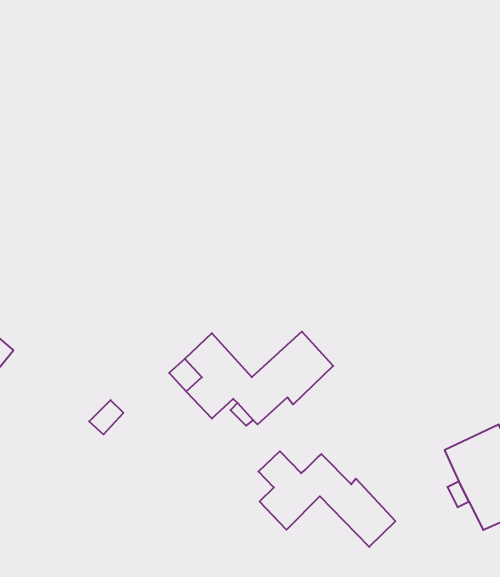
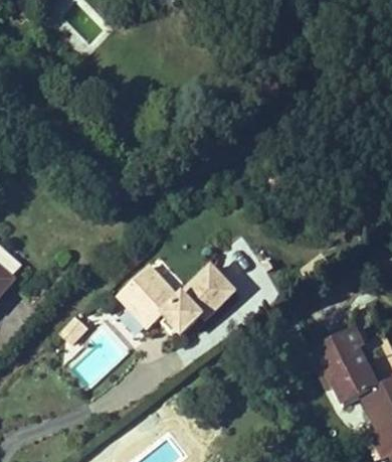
building: [258,451,395,547] -> none

